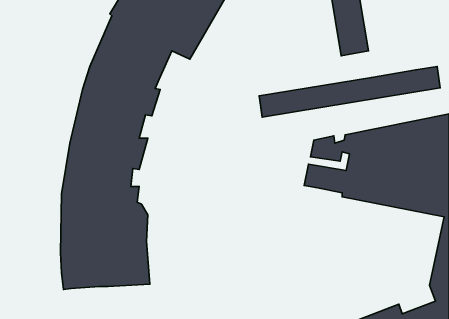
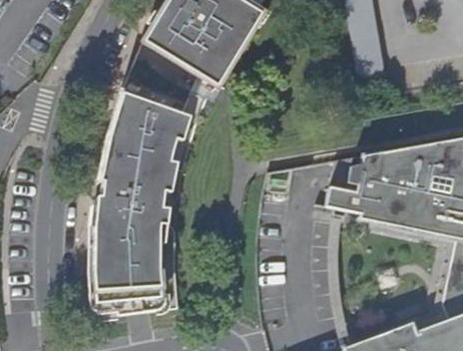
building: [259,66,440,117] -> none

